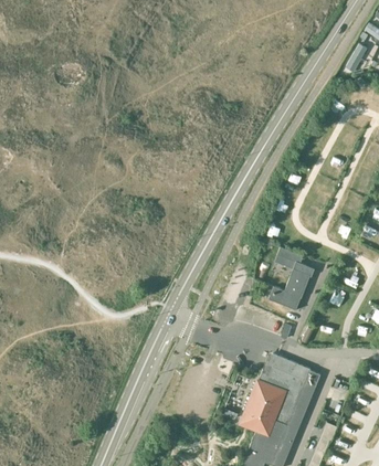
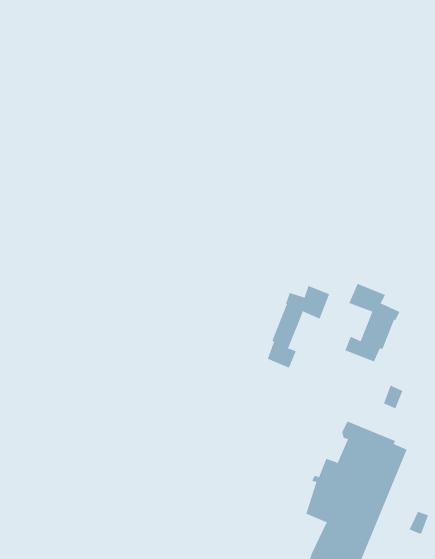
building: none -> [267,285,330,369]

